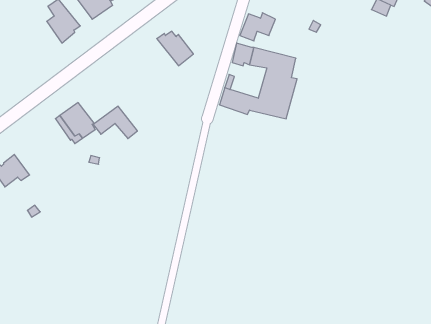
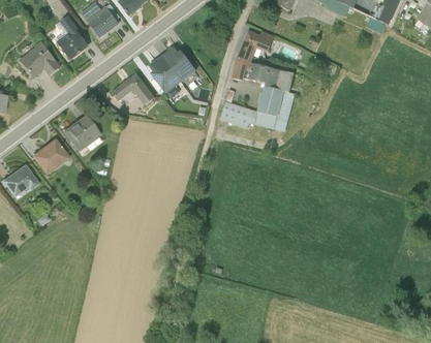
building: none -> [18,40,60,77]
building: none -> [150,55,177,92]
building: [93,106,137,139] -> [112,73,154,104]
building: none -> [33,142,68,175]

